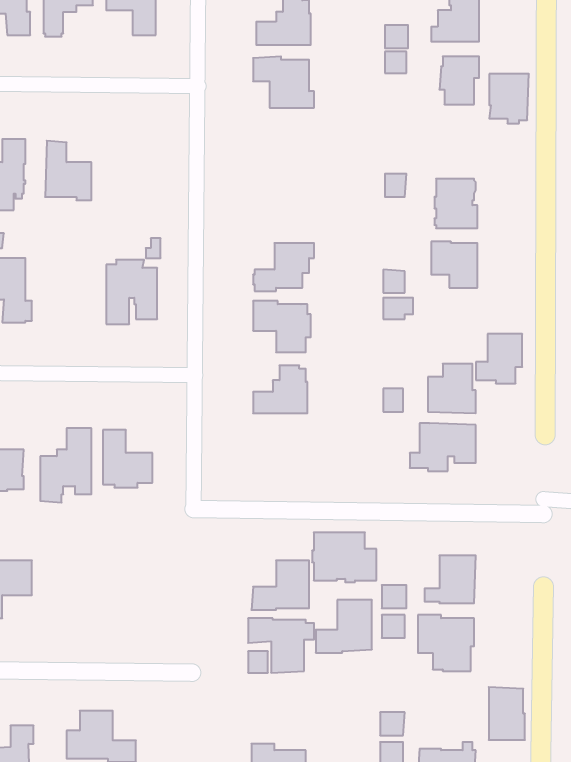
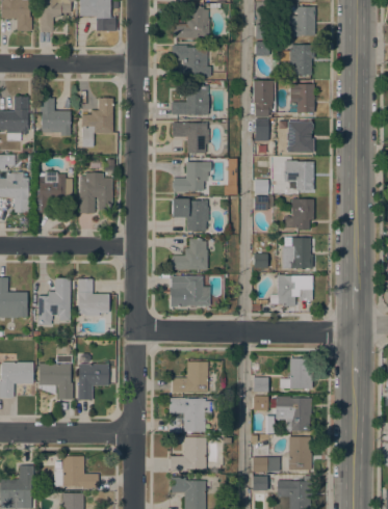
building: [489,74,529,123] -> [290,84,315,115]
building: none -> [254,80,274,116]
building: none -> [172,84,208,114]
building: none -> [82,98,113,146]
building: none -> [173,123,209,153]
building: none -> [36,171,73,212]
building: [476,334,522,383] -> [285,198,314,230]
building: [312,532,376,582] -> [170,276,210,307]
building: none -> [40,364,74,399]
building: none -> [78,365,109,400]
building: [316,600,372,653] -> [171,437,206,471]
building: [489,687,525,740] -> [289,436,312,470]

